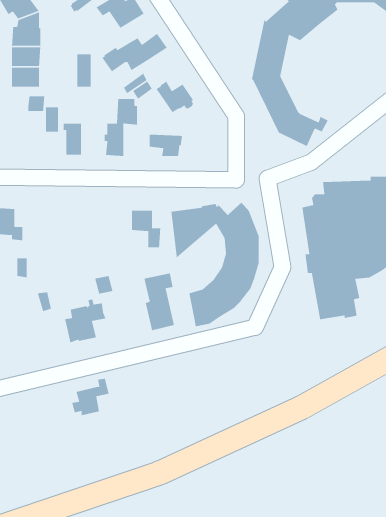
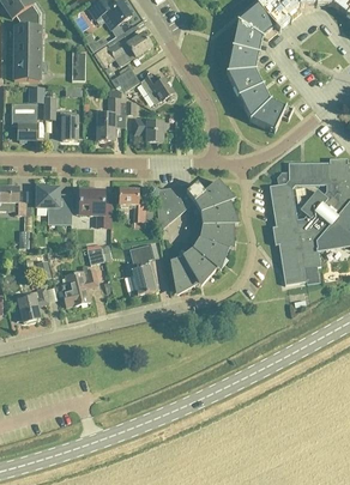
building: none -> [12,103,36,140]
building: none -> [36,186,72,223]
building: none -> [77,187,111,226]
building: [71,378,110,416] -> [14,287,48,321]

